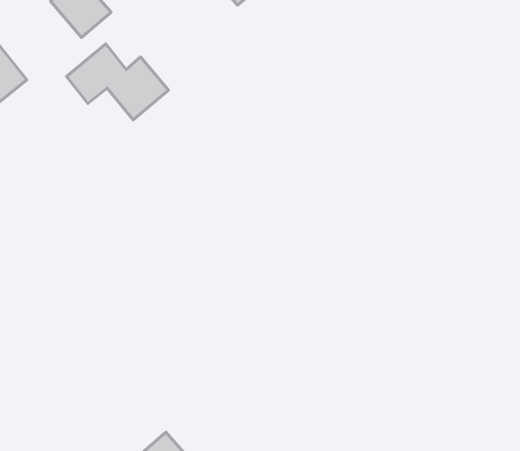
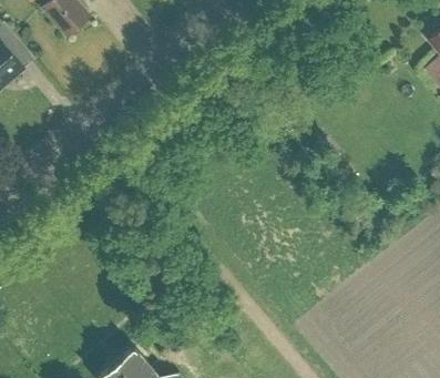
building: [67,44,169,120] -> none

